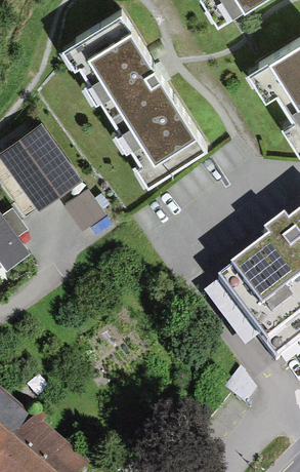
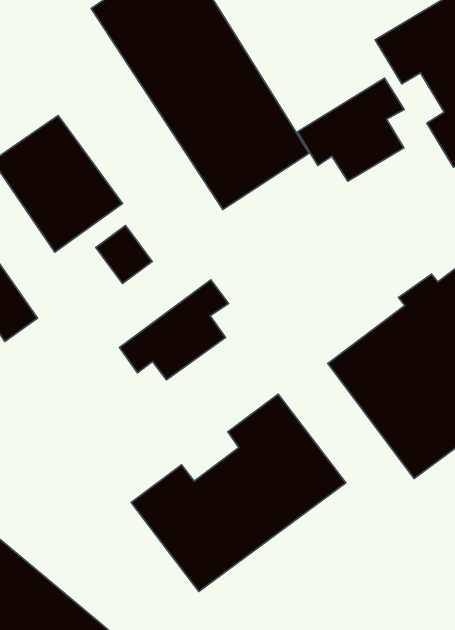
building: none -> [298,78,404,181]
building: none -> [119,280,228,380]
building: none -> [131,394,346,591]

